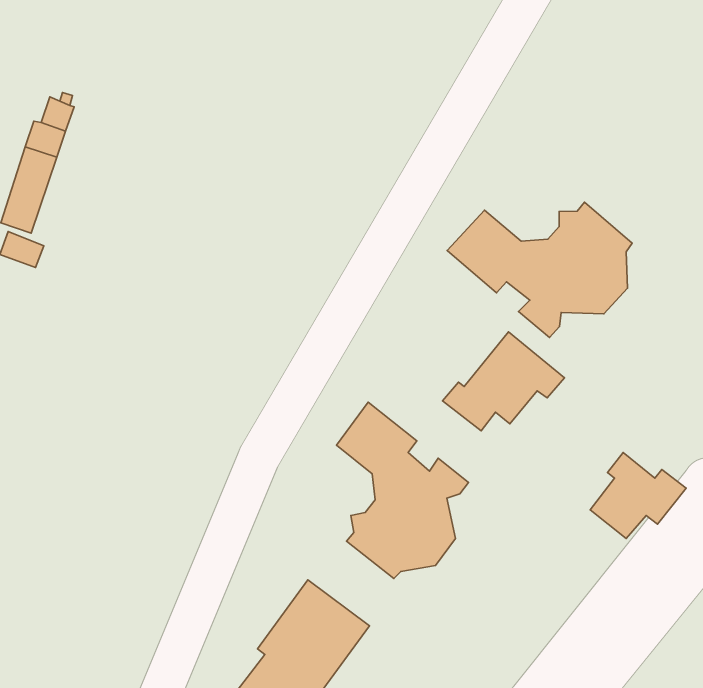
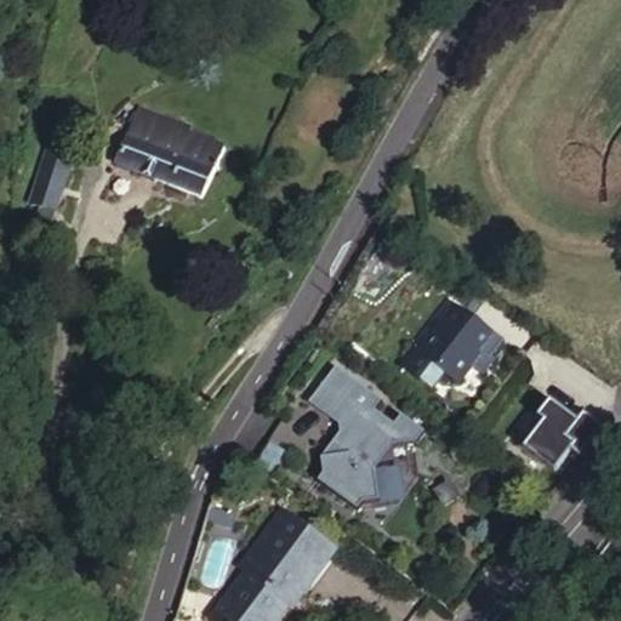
building: none -> [115,103,221,194]
building: [447,202,632,338] -> none

